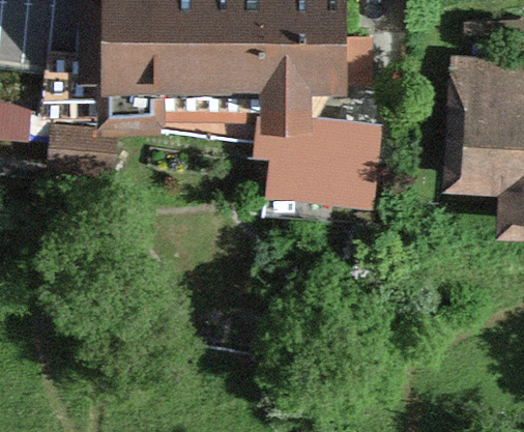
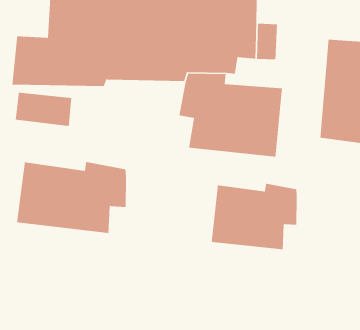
building: none -> [16,161,127,234]
building: none -> [211,183,298,250]

